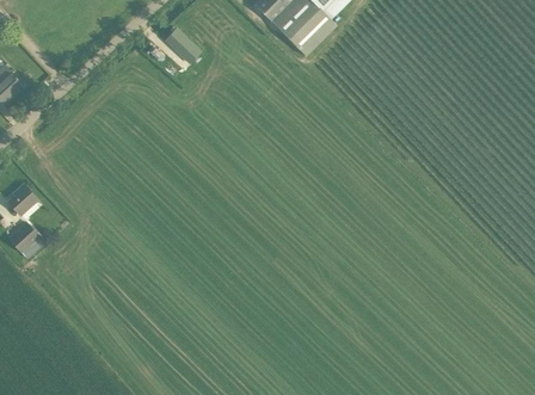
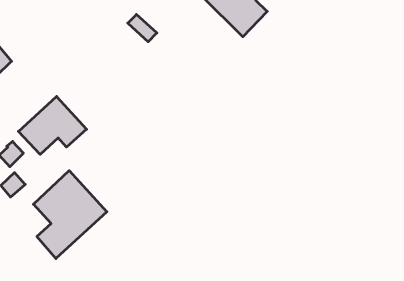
building: none -> [18,96,87,154]
building: none -> [33,171,107,259]

